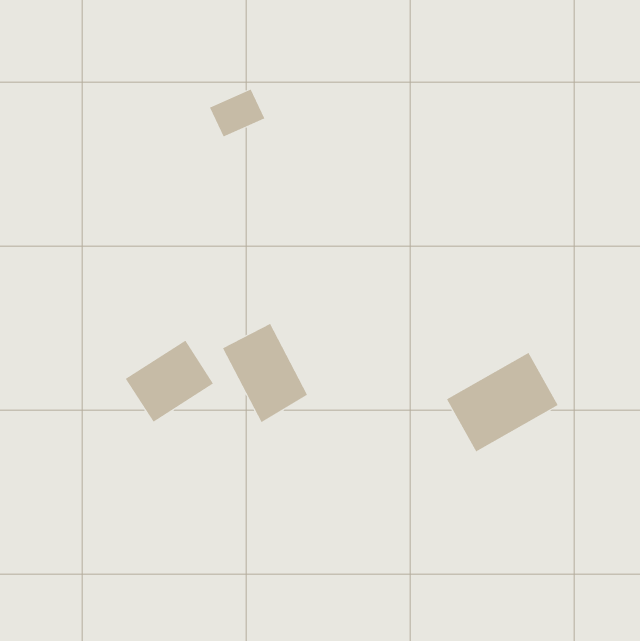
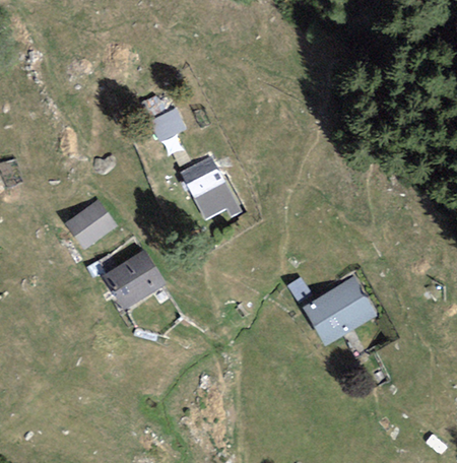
building: none -> [69,202,117,246]
building: [222,323,308,423] -> [181,159,237,224]

